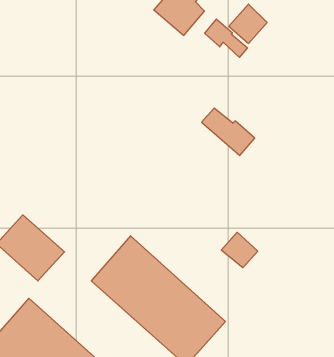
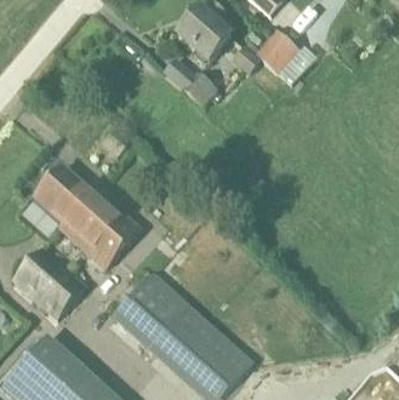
building: [202,108,255,156] -> [161,56,217,105]
building: none -> [34,166,139,267]
building: [221,232,258,268] -> none

